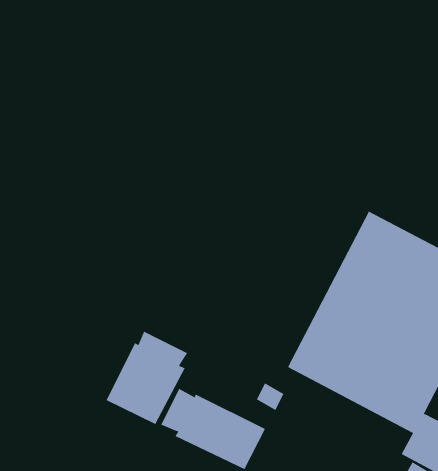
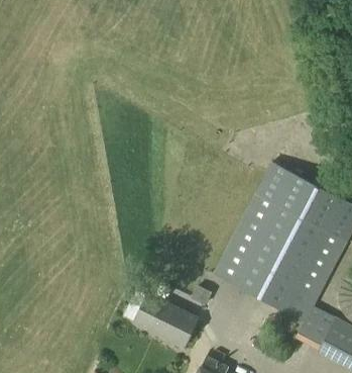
building: [106,331,188,425] -> none

